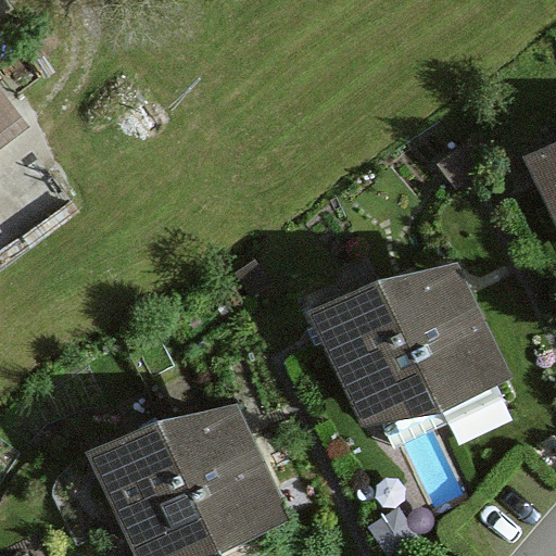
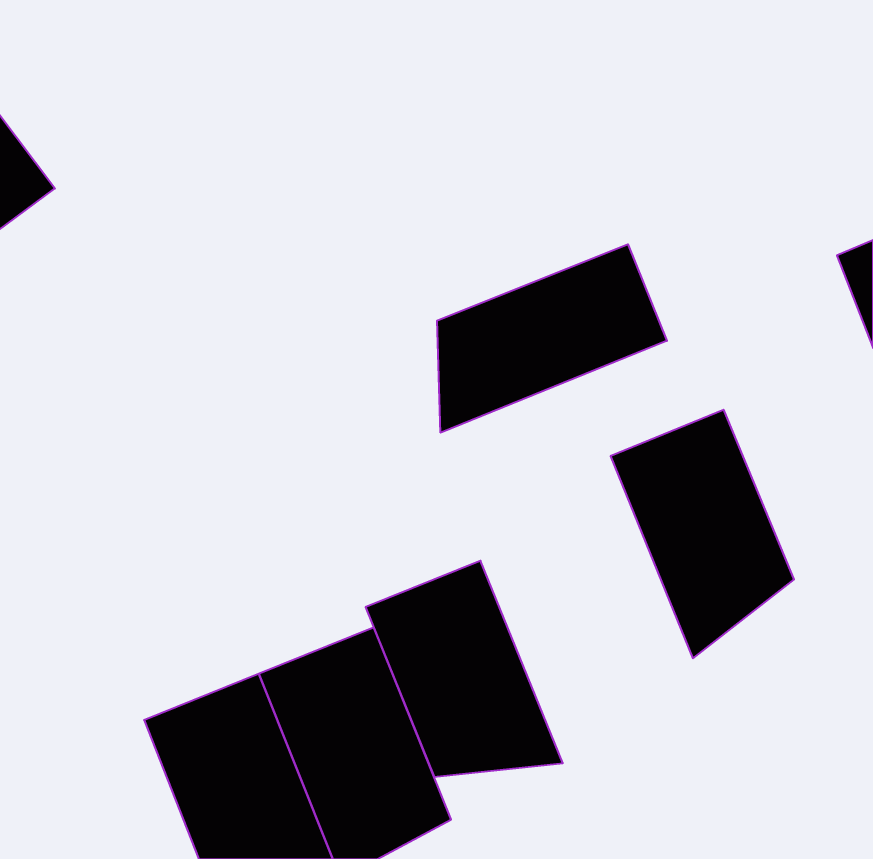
building: none -> [437,244,667,433]
building: [314,289,439,426] -> [366,561,563,777]

